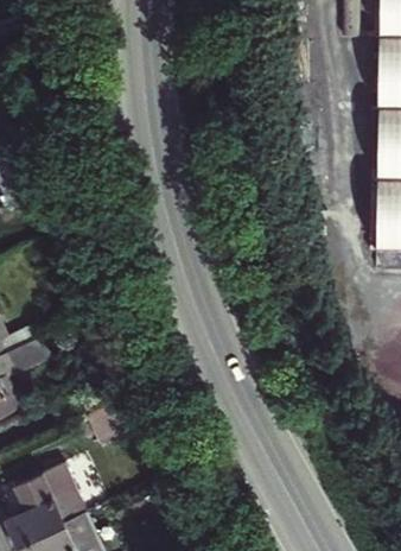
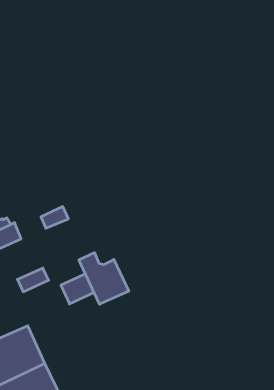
building: none -> [79,253,129,304]

